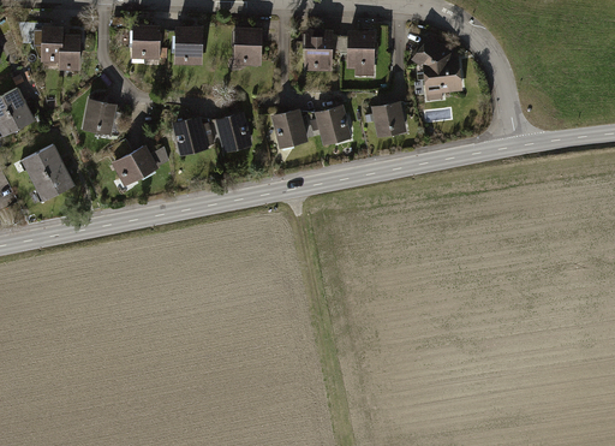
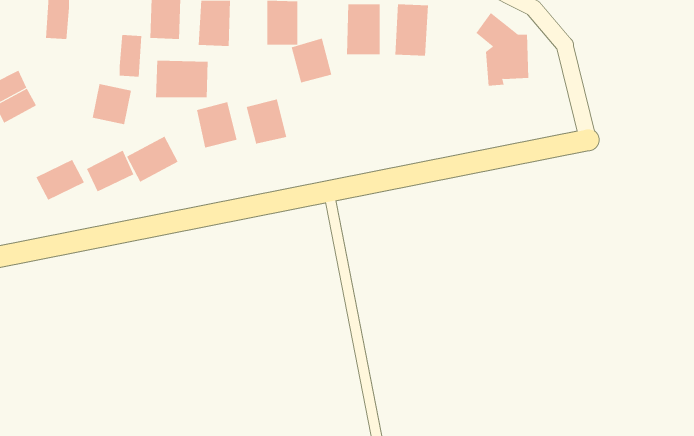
building: [59,34,79,71] -> [119,35,142,77]
building: none -> [156,60,208,98]
building: [371,102,405,136] -> none
building: [315,106,352,147] -> none
building: [271,109,308,149] -> [291,38,332,83]
building: [22,144,64,182] -> [86,150,134,192]

